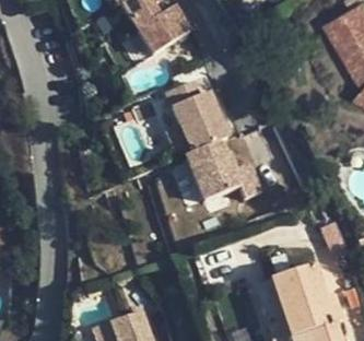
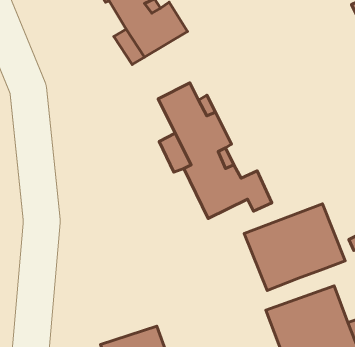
building: none -> [244,204,345,291]

